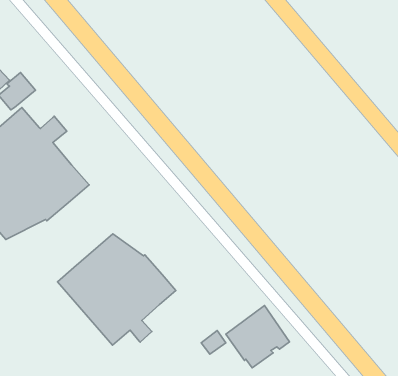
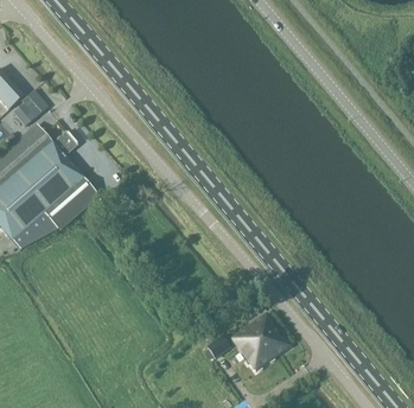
building: [57,234,176,345] -> none

